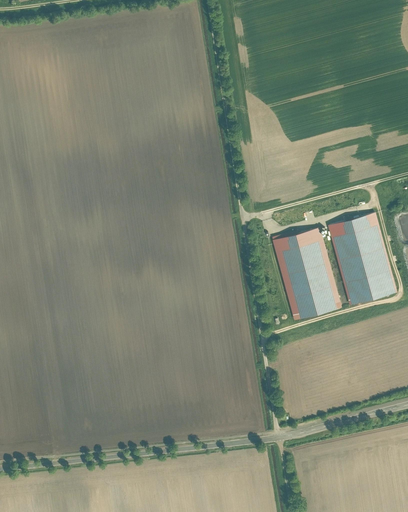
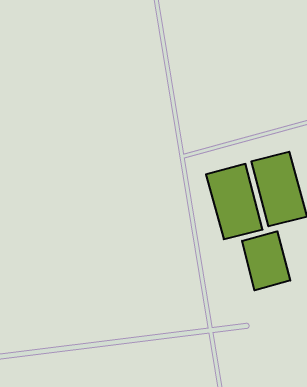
building: none -> [242,231,290,290]

